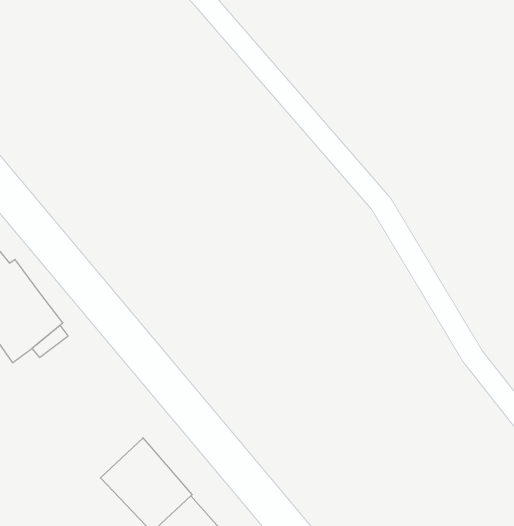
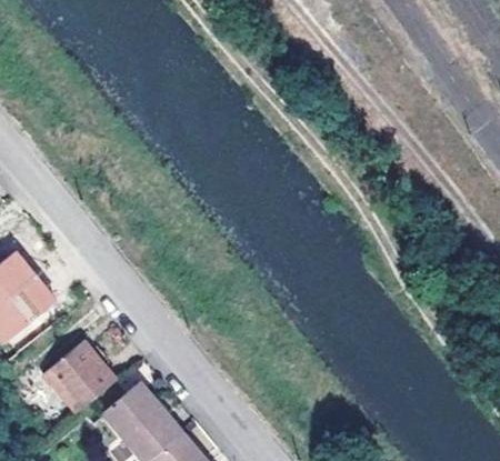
building: none -> [42,340,114,412]

